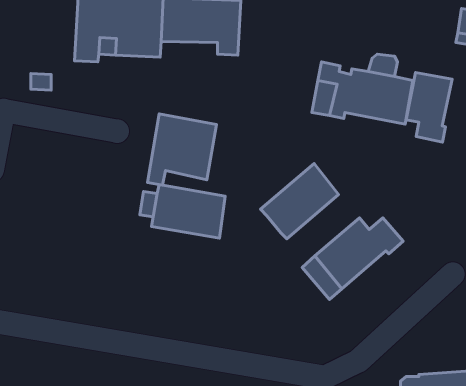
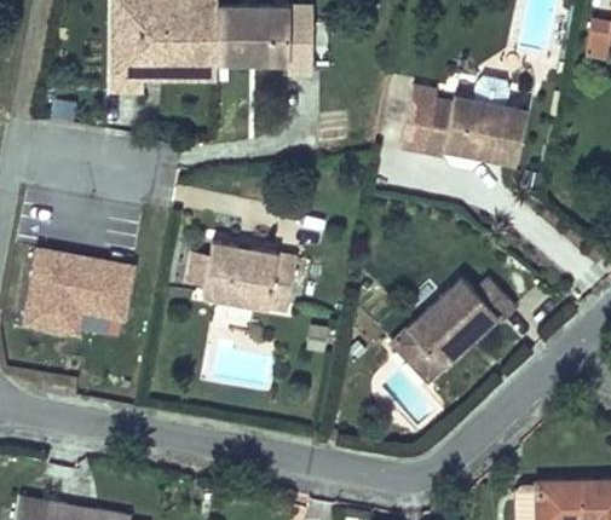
building: [406,72,452,142] -> none
building: [148,114,216,185] -> none
building: [261,164,339,239] -> none
building: none -> [23,249,140,341]

